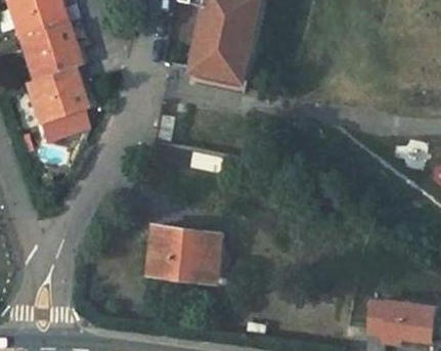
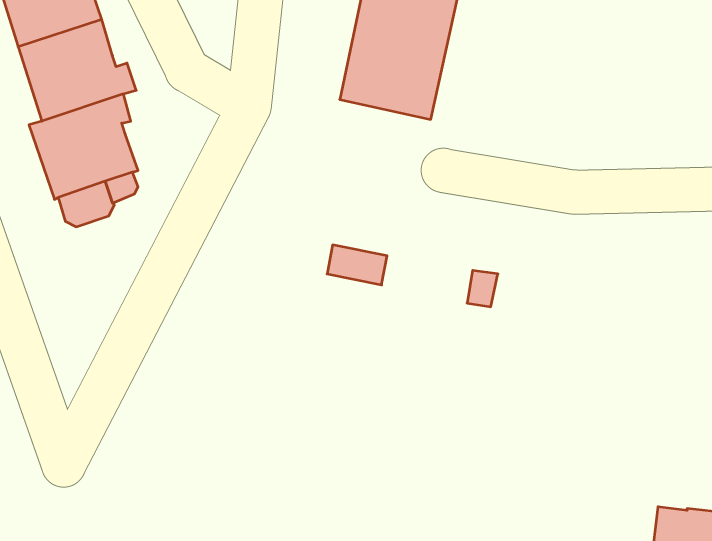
building: [150,224,231,294] -> none

